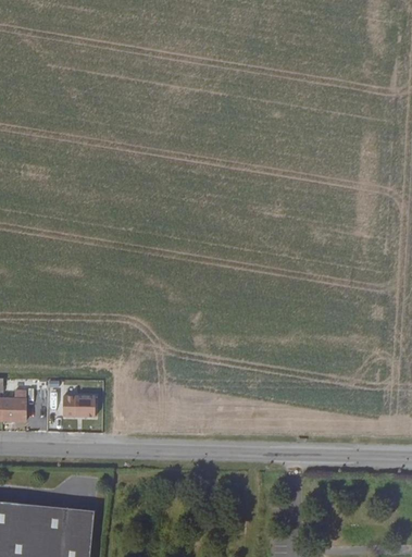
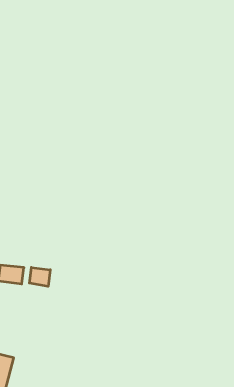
building: none -> [29,267,50,286]

